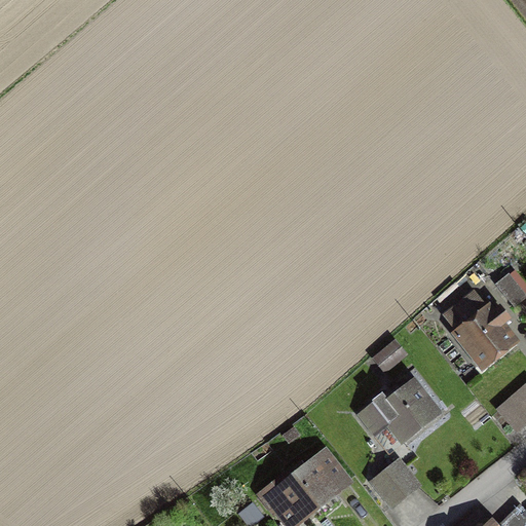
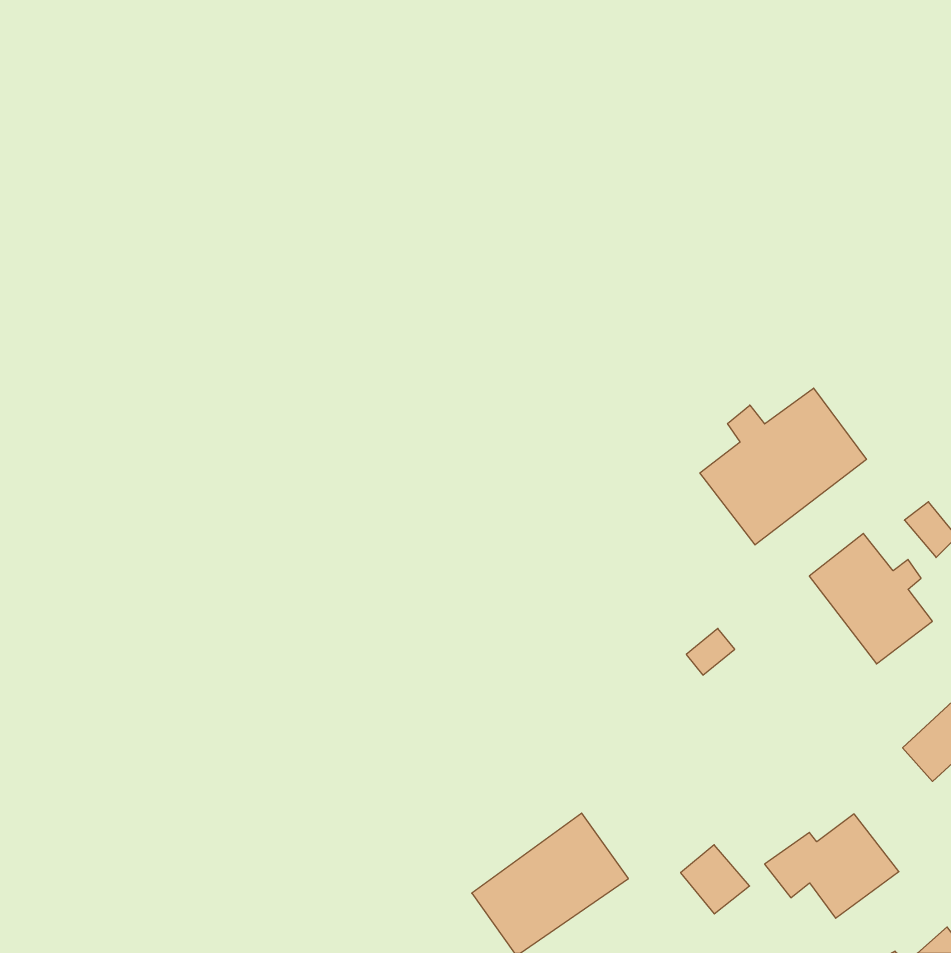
building: none -> [700,388,866,545]
building: [362,383,436,441] -> [765,814,899,918]

